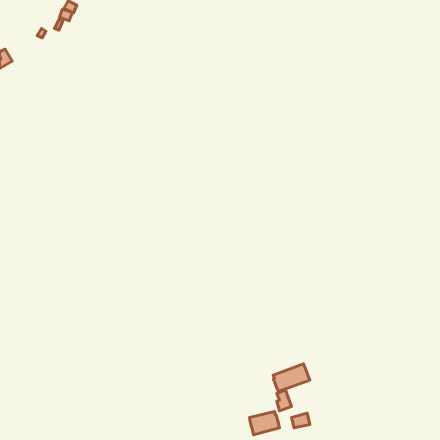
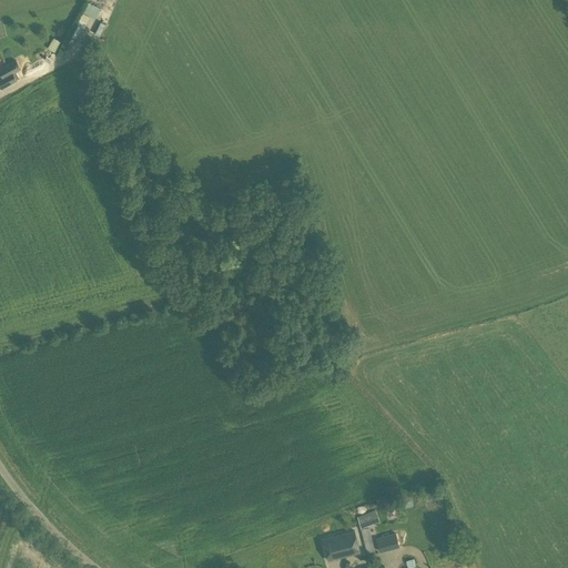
building: [273,364,310,392] -> none

